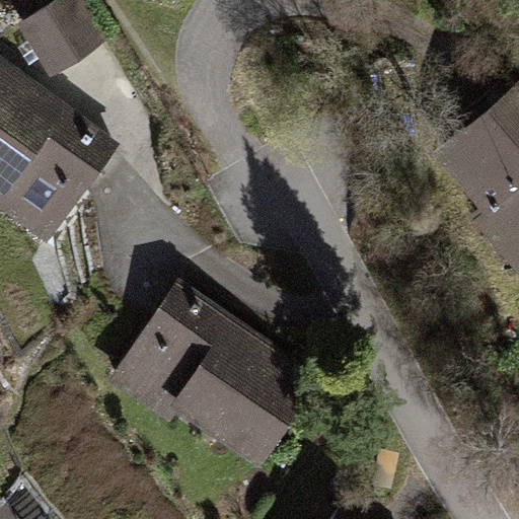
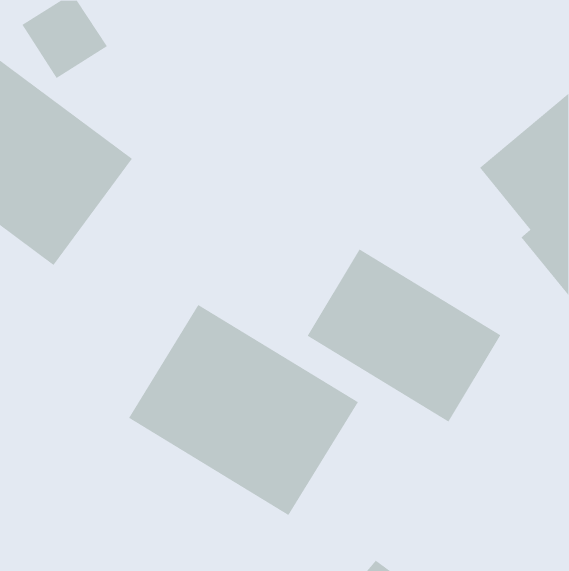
building: none -> [307,248,501,422]

